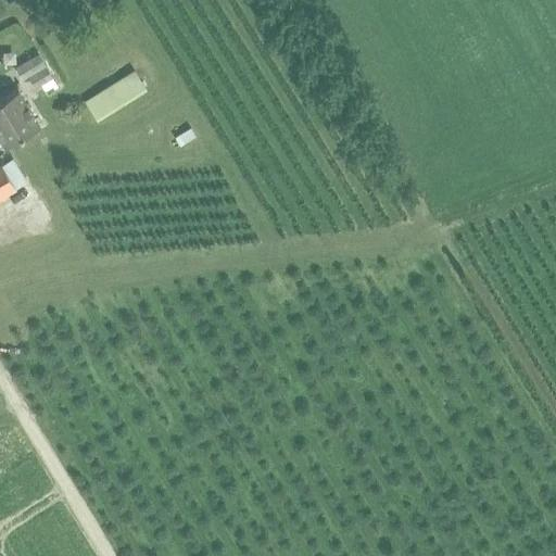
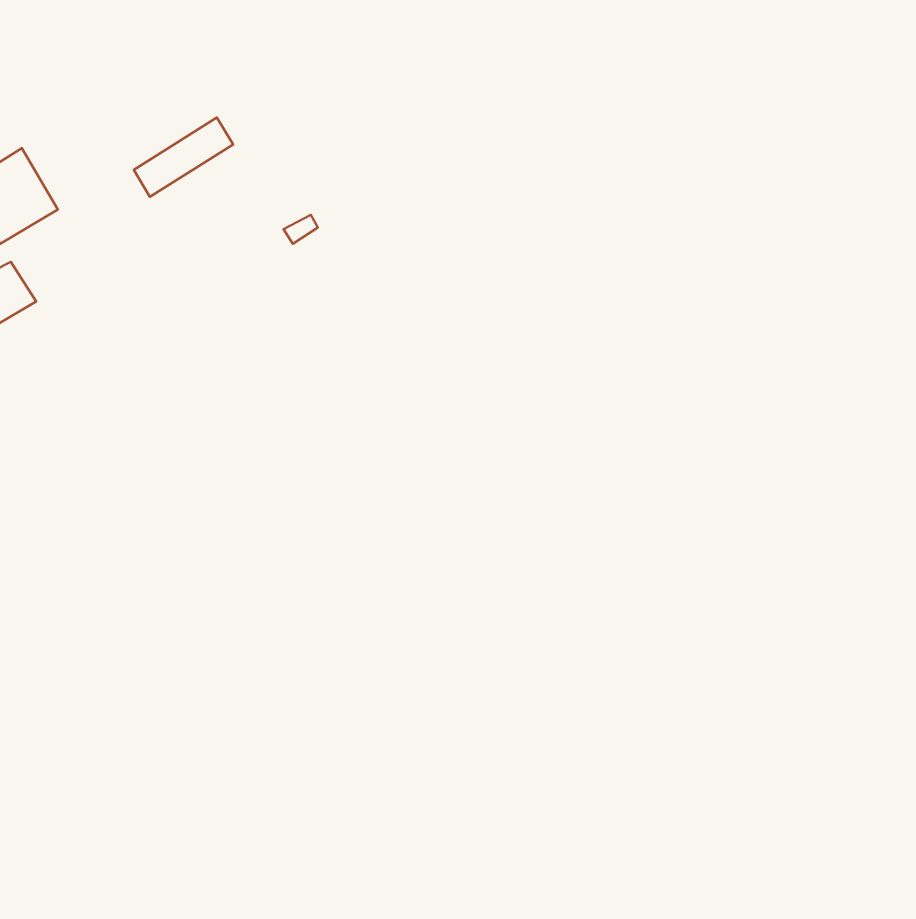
building: [10,55,48,90] -> none

